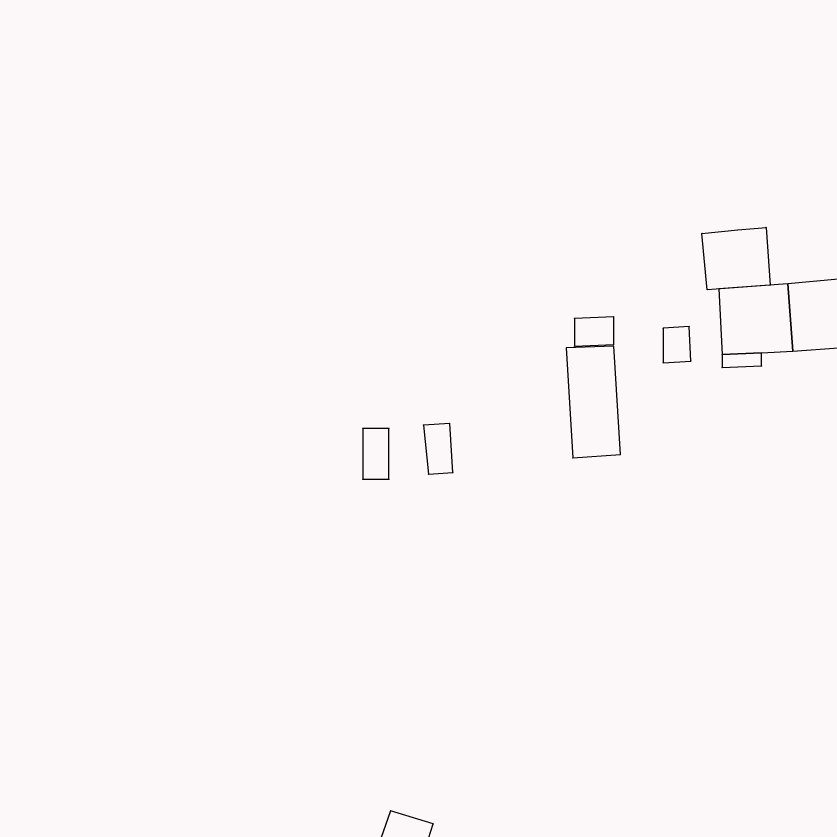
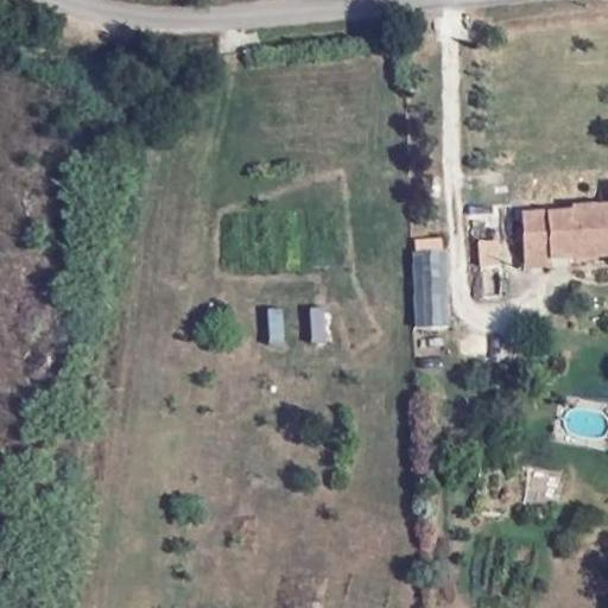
building: [702,227,770,290] -> none

